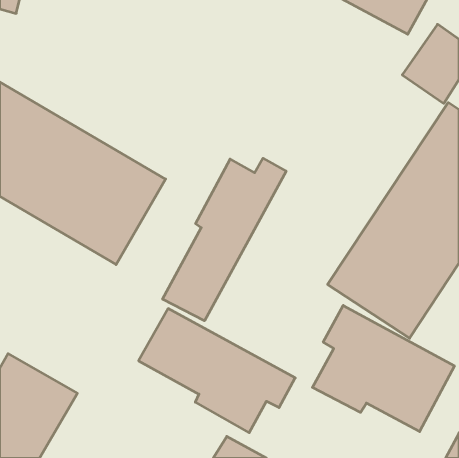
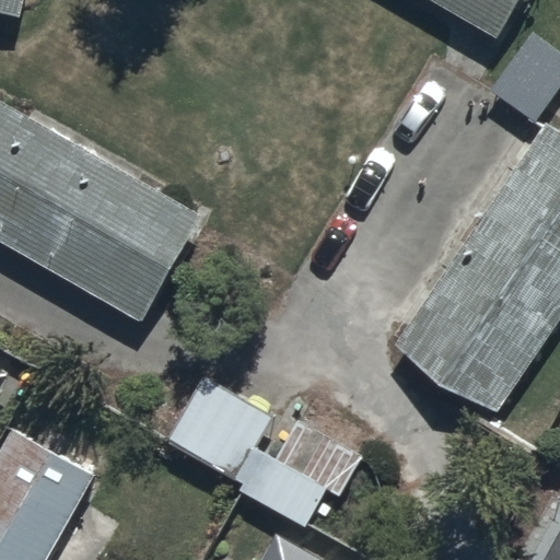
building: [163,158,286,321] -> none
building: [312,305,454,432] -> none

